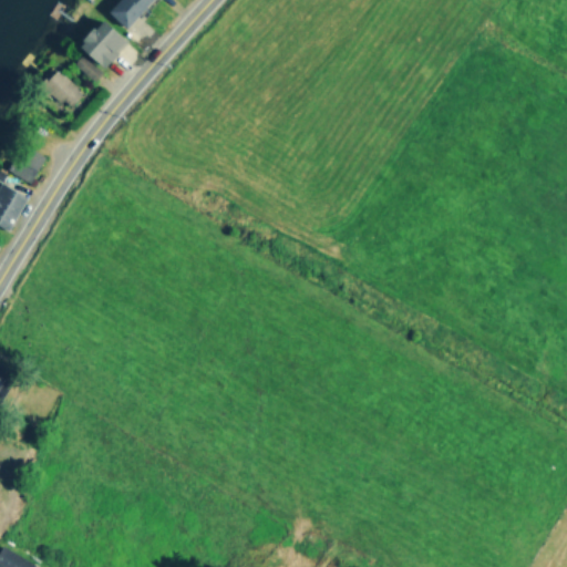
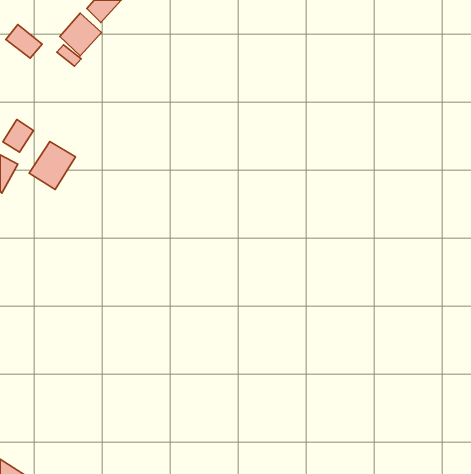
building: [41,70,84,110] -> [6,25,42,58]
building: none -> [29,142,75,189]

